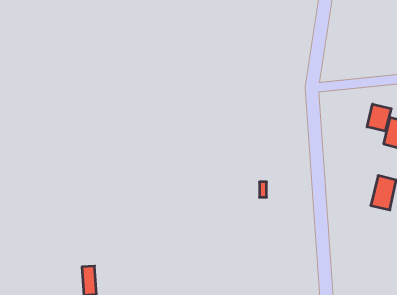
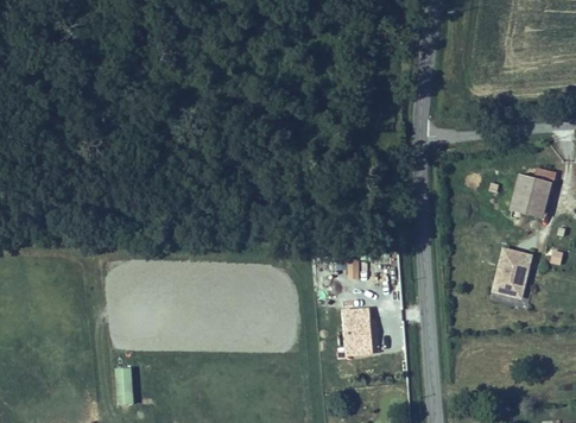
building: [367,104,391,131] -> none
building: none -> [338,307,374,356]

